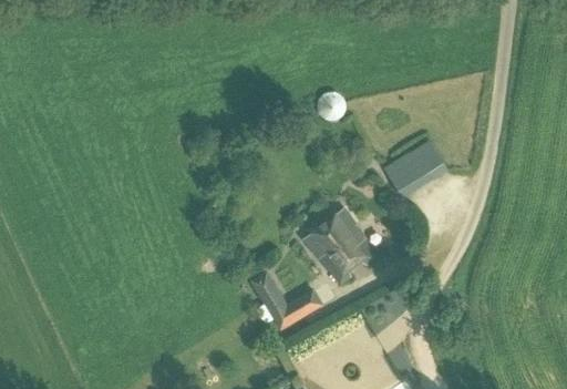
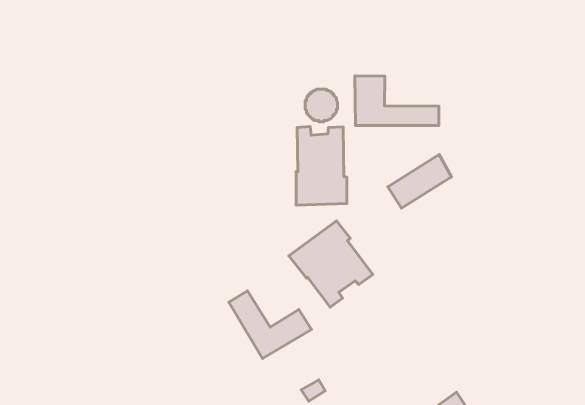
building: none -> [355,76,439,125]
building: none -> [296,126,347,205]

